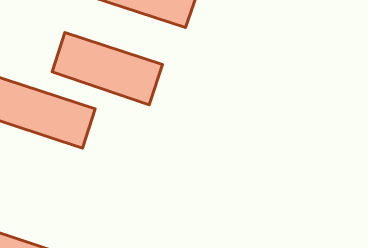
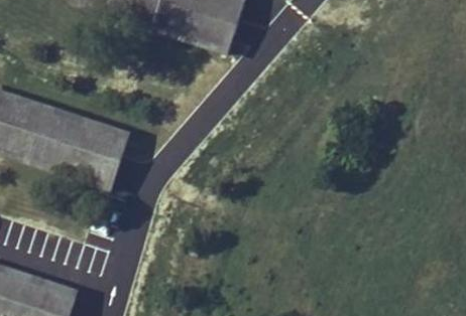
building: [52,32,163,105] -> none

